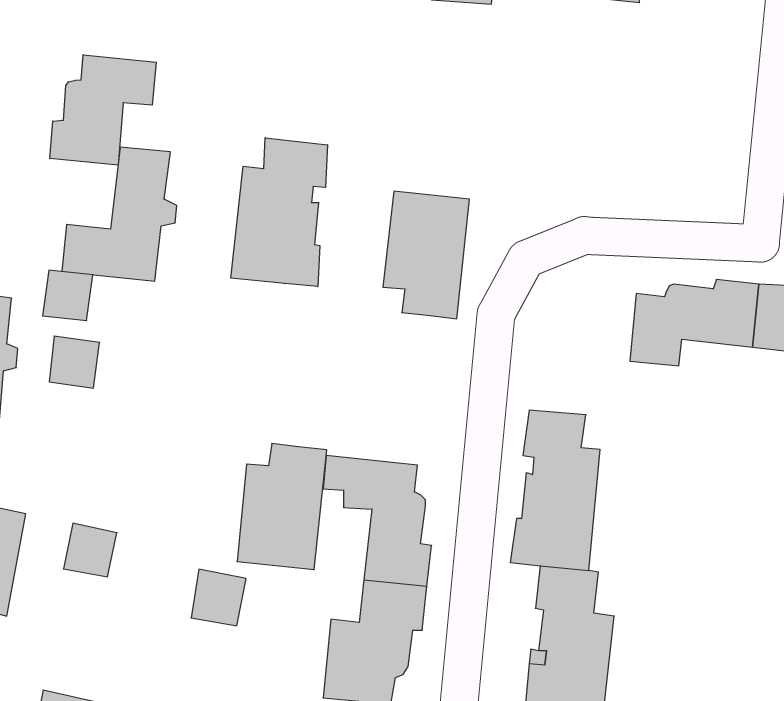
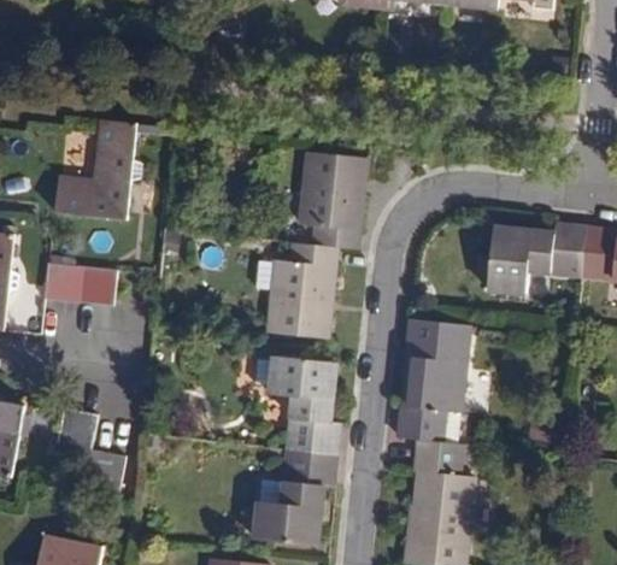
building: [50,55,156,165] -> none
building: [231,138,328,287] -> none
building: [43,270,93,321] -> [77,269,116,307]
building: [237,444,327,570] -> [266,243,335,340]
building: [191,569,246,626] -> [82,448,124,492]

